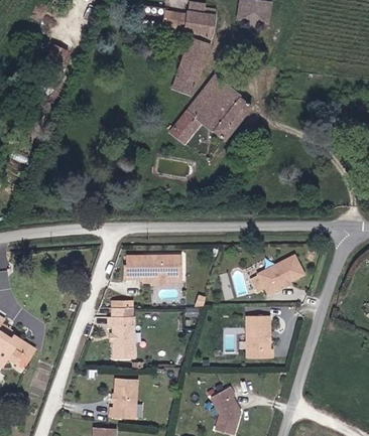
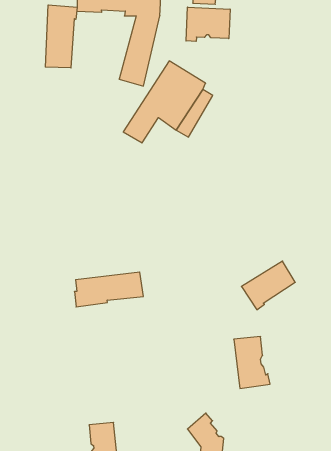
building: none -> [45,5,77,68]
building: none -> [186,7,230,41]
building: [107,312,133,354] -> none

